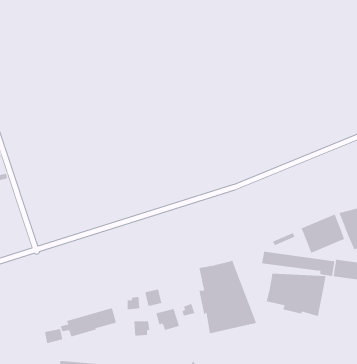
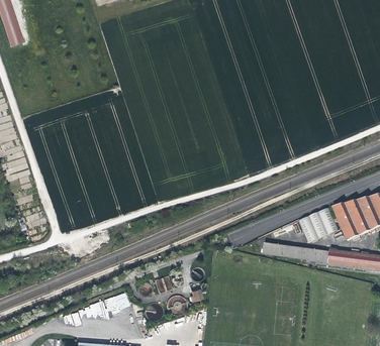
building: [199,260,257,334] -> none
building: [266,273,326,317] -> none

